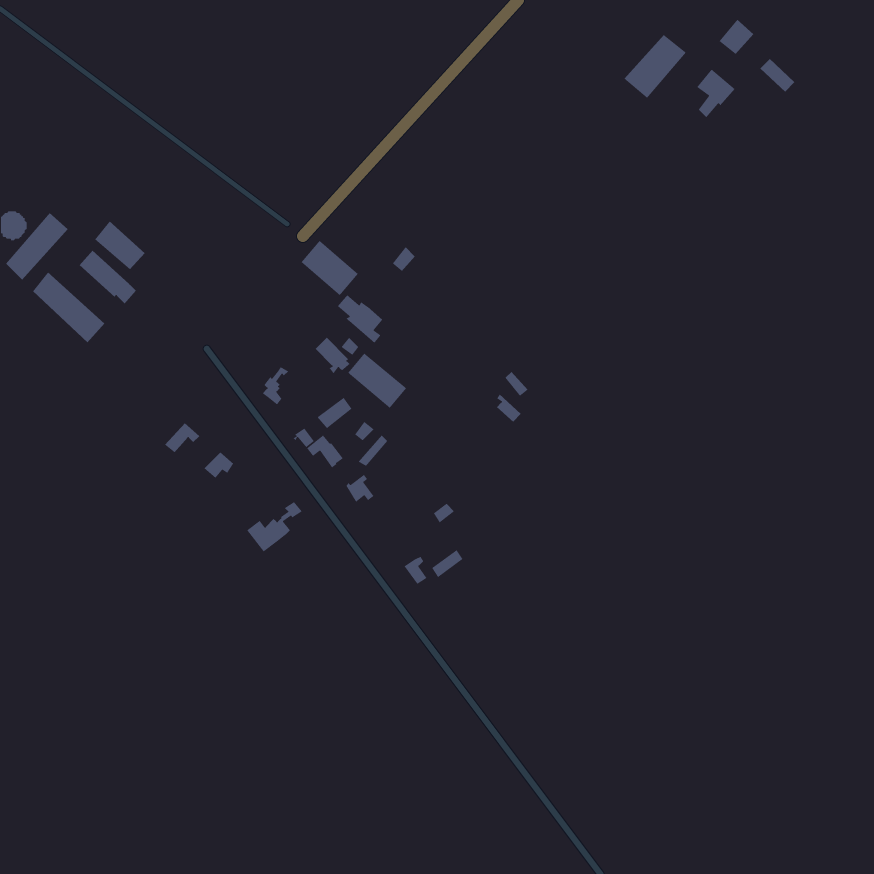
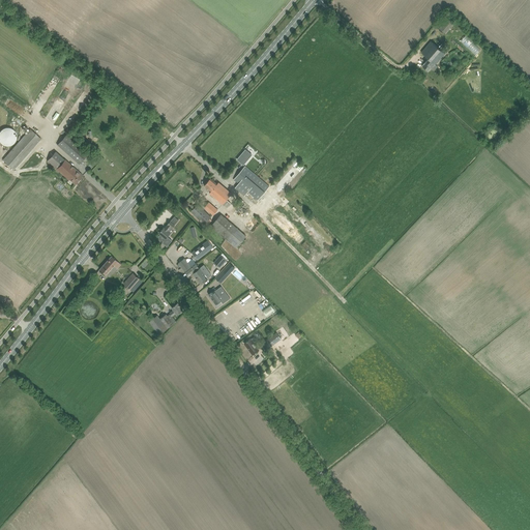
building: [623,34,687,99] -> none
building: [301,240,359,296] -> [234,166,269,200]
building: [32,272,105,343] -> none

